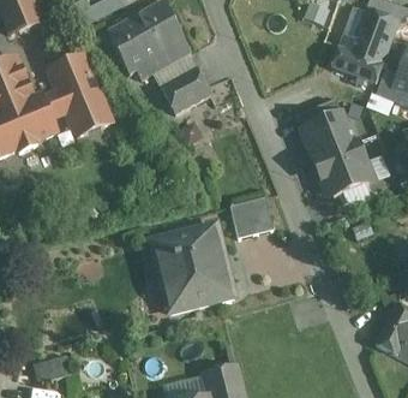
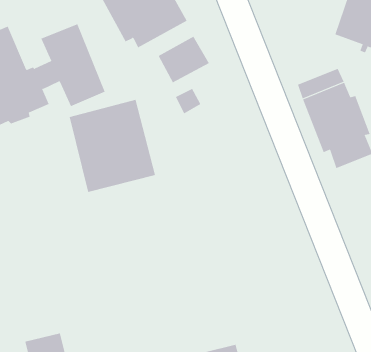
building: [230,195,272,236] -> none
building: [151,222,235,313] -> [69,99,156,193]

